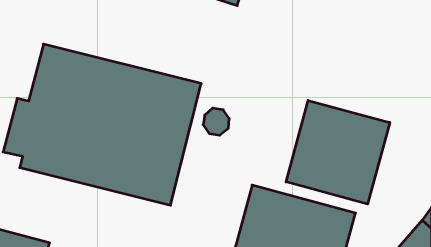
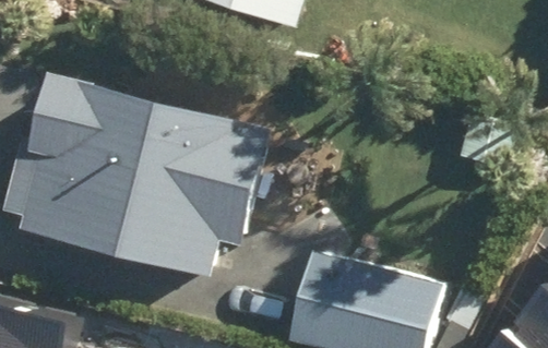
building: [286,100,390,204] -> none

